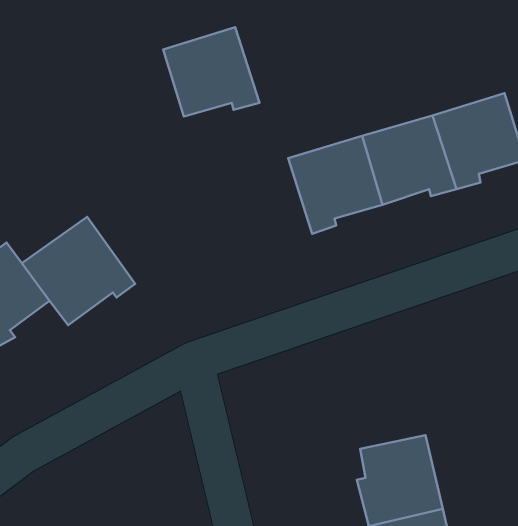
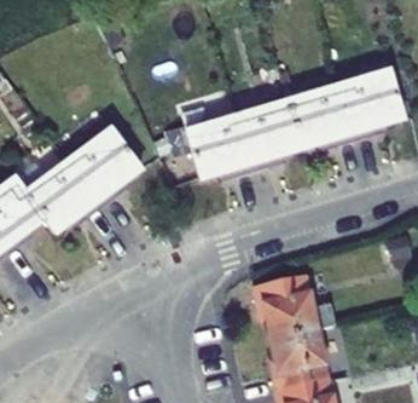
building: [163,27,259,117] -> [168,117,236,180]
building: none -> [77,128,150,206]
building: none -> [251,259,335,322]

